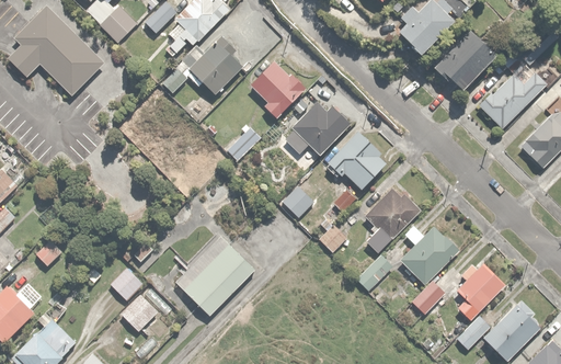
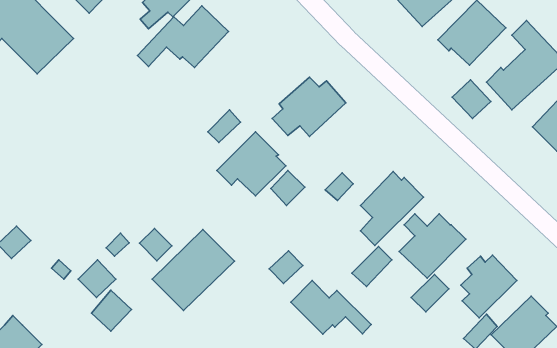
building: [250,60,305,118] -> none
building: none -> [452,80,491,119]
building: [325,130,388,189] -> [217,132,286,196]
building: [319,221,350,251] -> [269,251,303,283]
building: none -> [139,228,172,261]
building: none -> [291,281,371,334]

